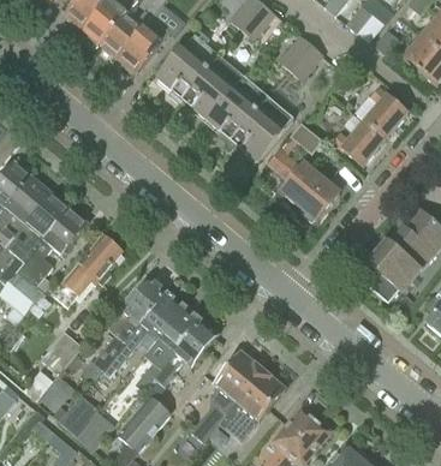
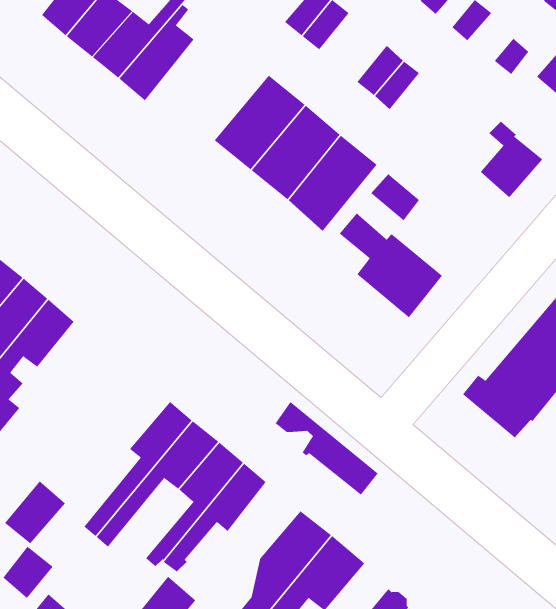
building: [157,35,219,100] -> none
building: [330,121,383,166] -> none
building: [53,235,121,306] -> none
building: none -> [275,401,378,496]

